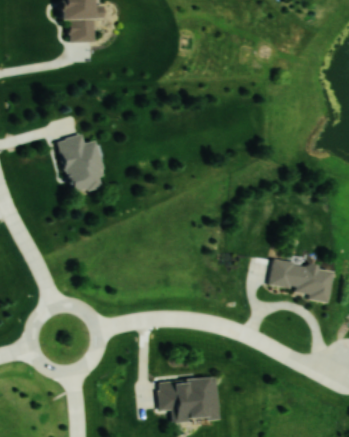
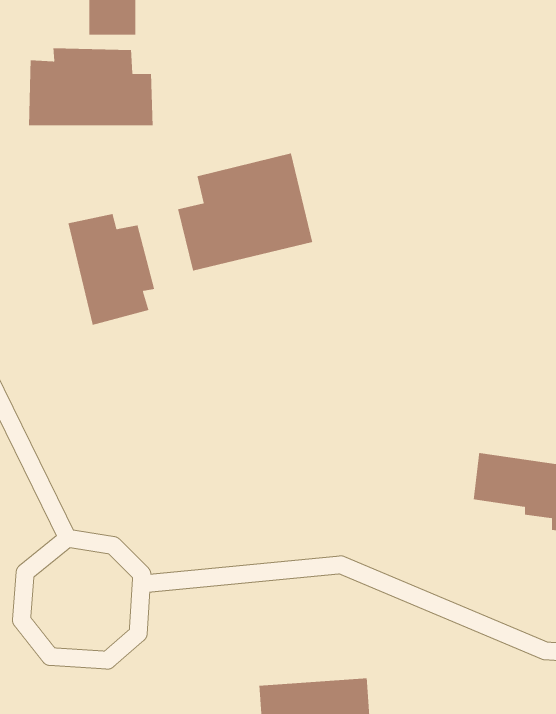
building: none -> [28,48,153,126]
building: none -> [177,153,313,271]

